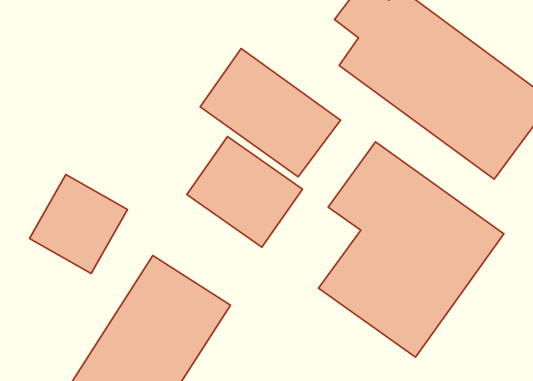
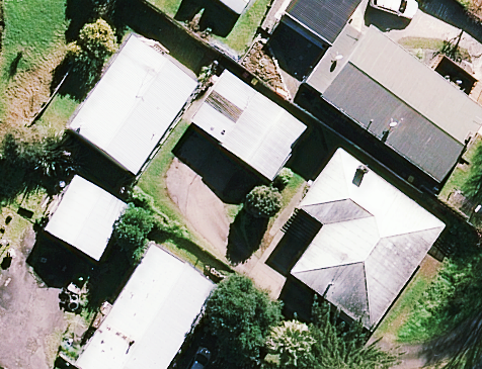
building: none -> [70,34,199,170]
building: [187,137,302,247] -> none

